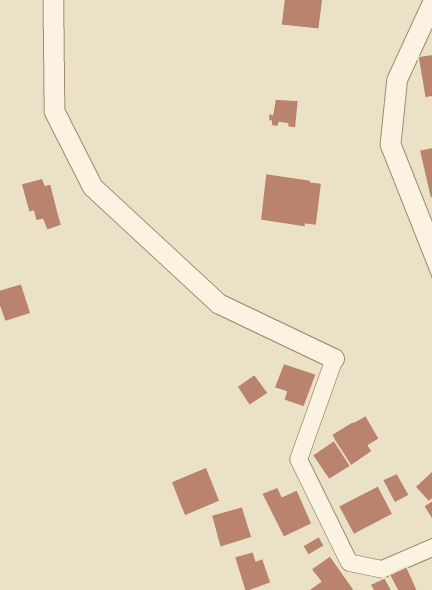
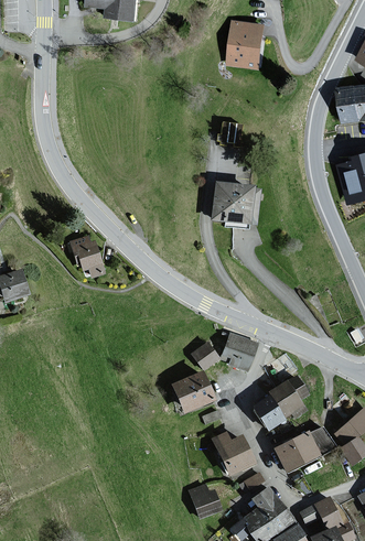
building: [21,178,62,231] -> [71,236,104,278]
building: [171,467,220,516] -> [172,372,212,412]
building: [211,506,252,547] -> none

